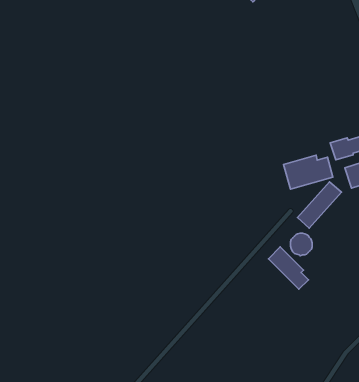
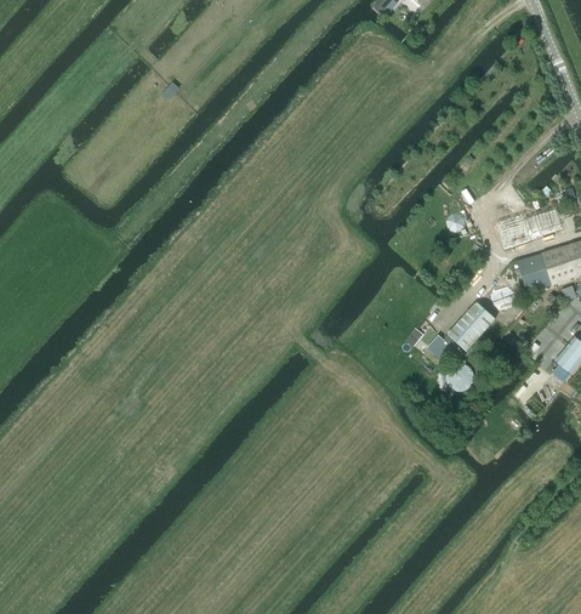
building: [283,155,333,189] -> none
building: [268,247,309,289] -> none

